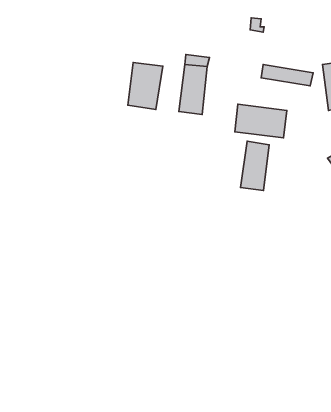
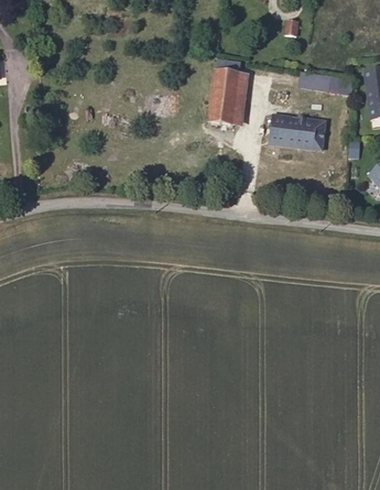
building: [128,62,163,109] -> none
building: [240,141,269,190] -> none

